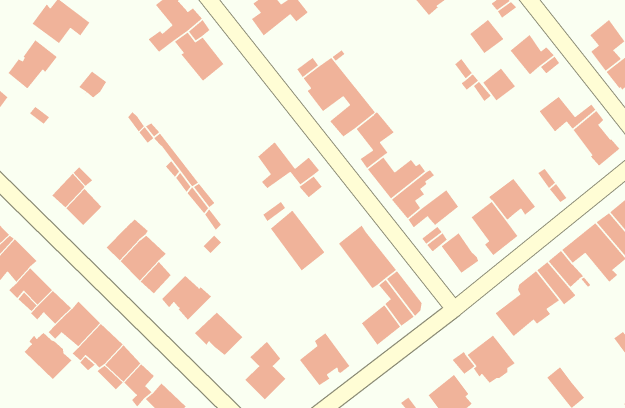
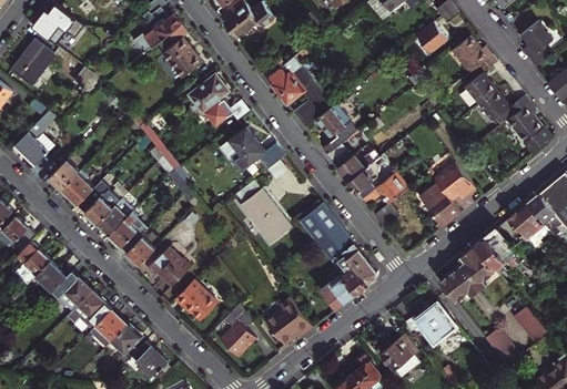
building: [482,67,516,102] -> [465,74,495,104]
building: none -> [189,75,233,125]
building: none -> [14,123,52,164]
building: none -> [77,190,114,224]
building: [440,232,479,274] -> none
building: [24,332,72,380] -> none
building: none -> [513,306,548,342]

